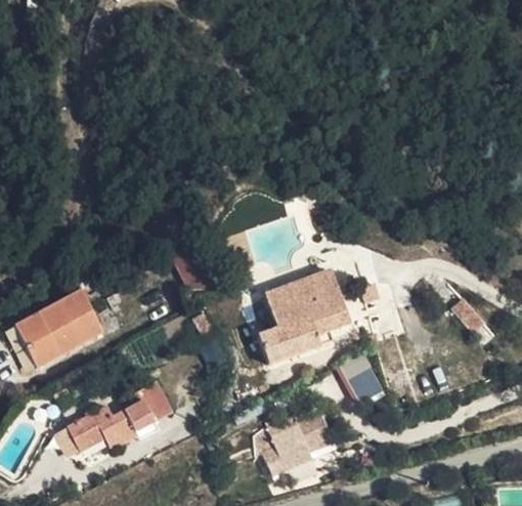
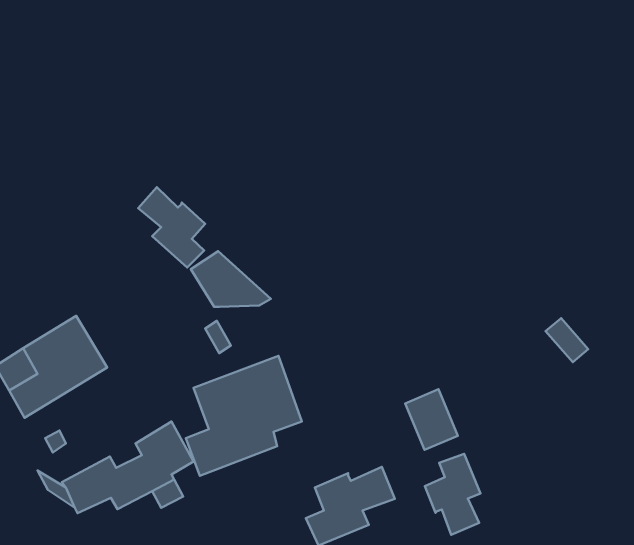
building: none -> [138,187,205,267]
building: [259,269,351,365] -> [186,356,302,476]
building: none -> [425,454,481,535]

